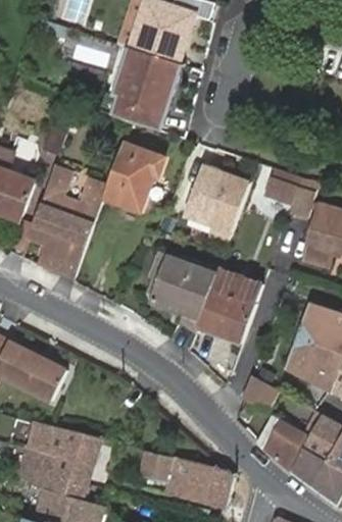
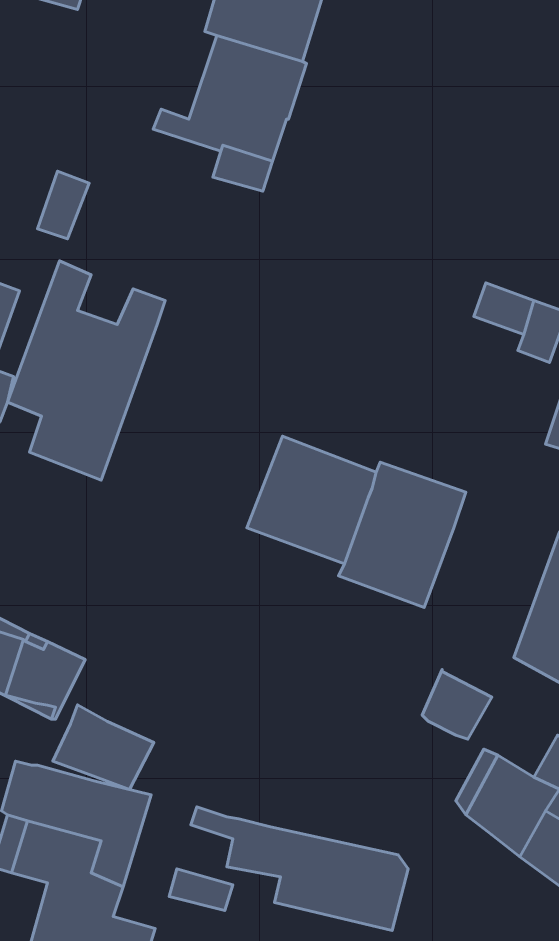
building: [103,144,163,211] -> none
building: [186,166,248,229] -> none
building: none -> [53,705,154,790]

